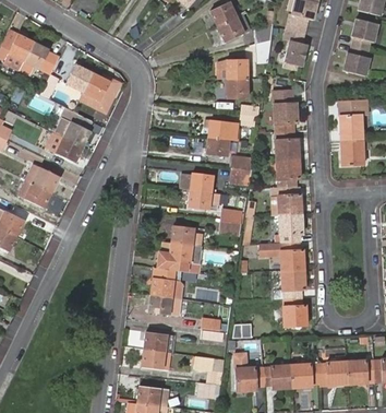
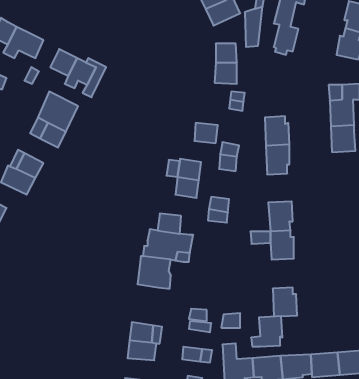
building: [273,91,297,132] -> none
building: [207,120,239,142] -> none
building: [272,187,301,215] -> none
building: [274,270,304,299] -> [251,316,282,346]
building: [148,295,180,316] -> none

